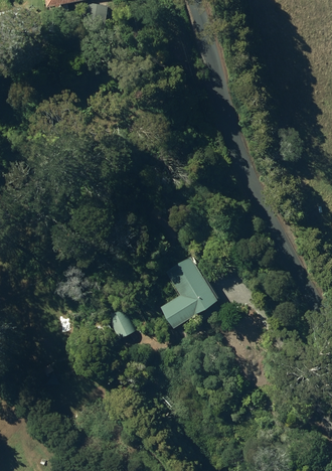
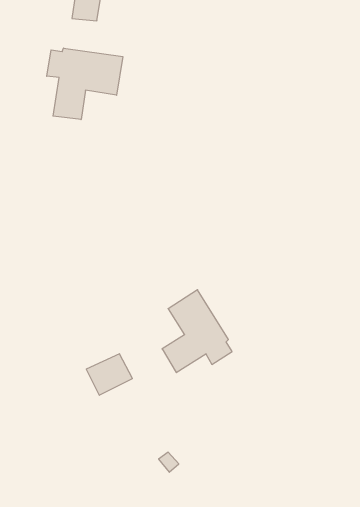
building: none -> [47,48,123,120]

